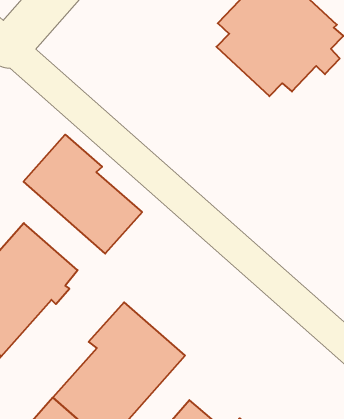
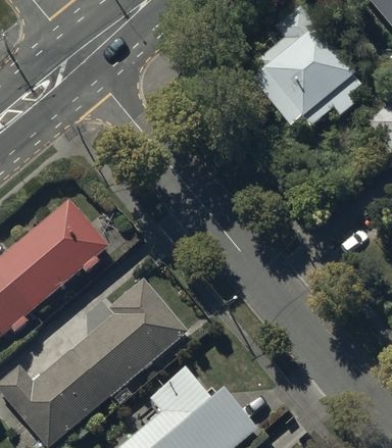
building: [24,135,142,254] -> none

